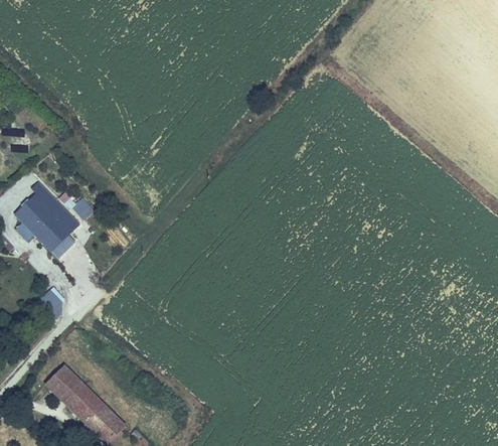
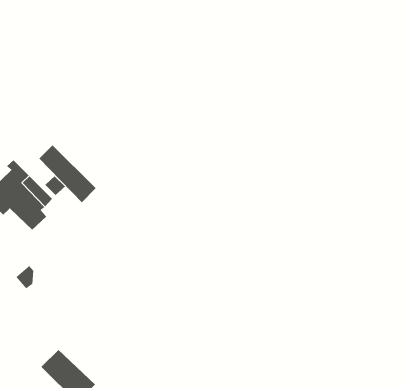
building: none -> [39,144,97,203]
building: [45,363,87,405] -> none

